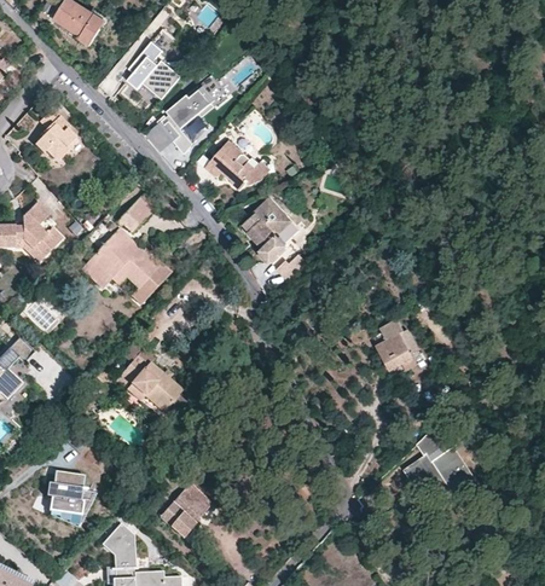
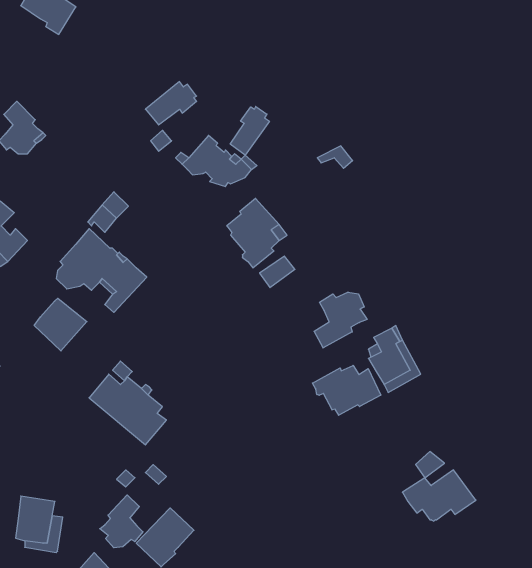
building: [131,29,184,101] -> none
building: none -> [230,106,269,155]
building: none -> [314,292,367,348]
building: none -> [34,298,87,351]
building: none -> [312,365,381,415]
building: none -> [100,495,143,548]

